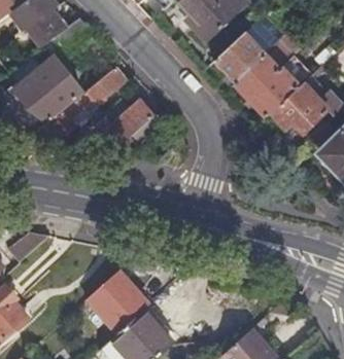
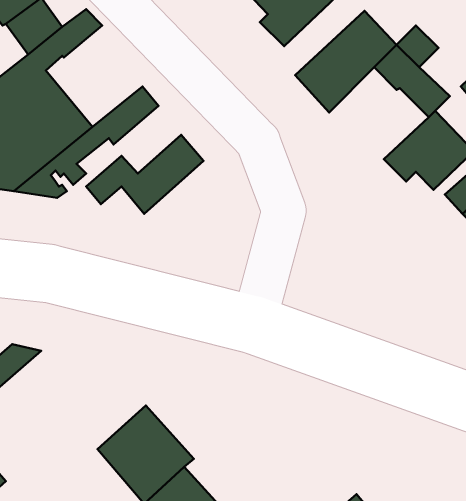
building: [233,55,299,119] -> none

